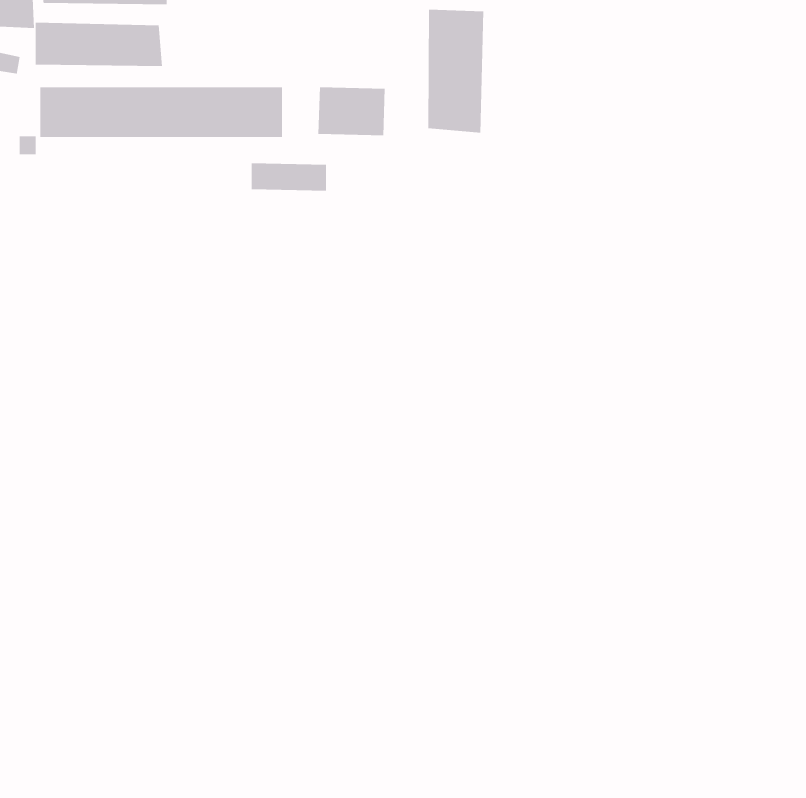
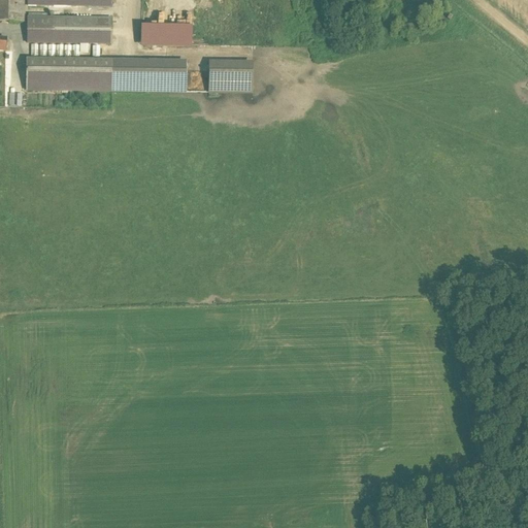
building: [428,9,484,133] -> none
building: [251,163,327,191] -> [141,24,191,42]

